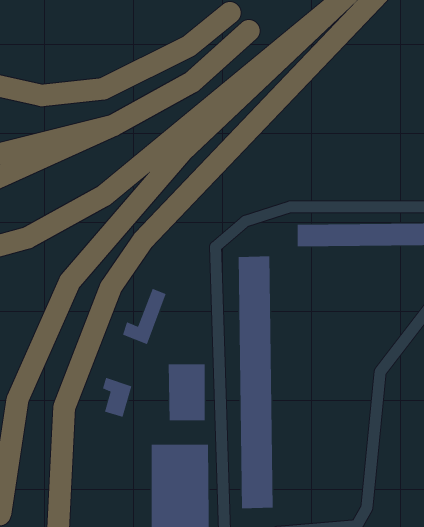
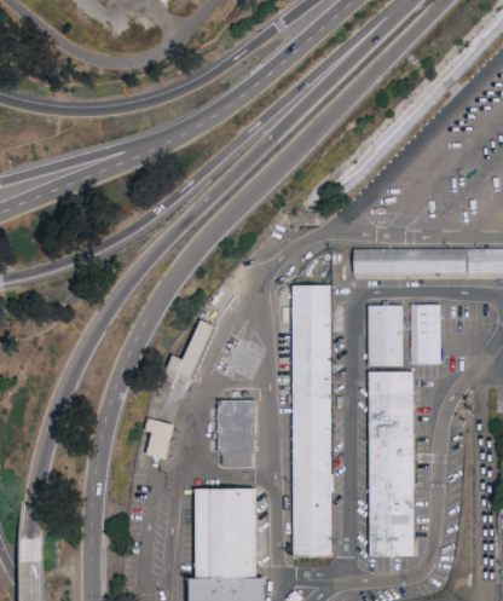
building: none -> [411,304,440,364]
building: none -> [371,306,403,365]
building: none -> [369,372,411,553]

